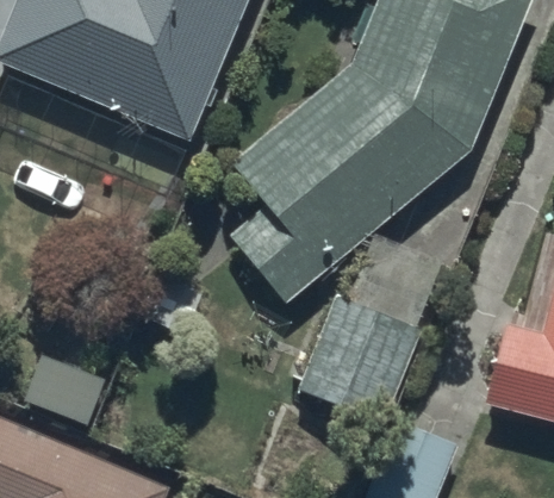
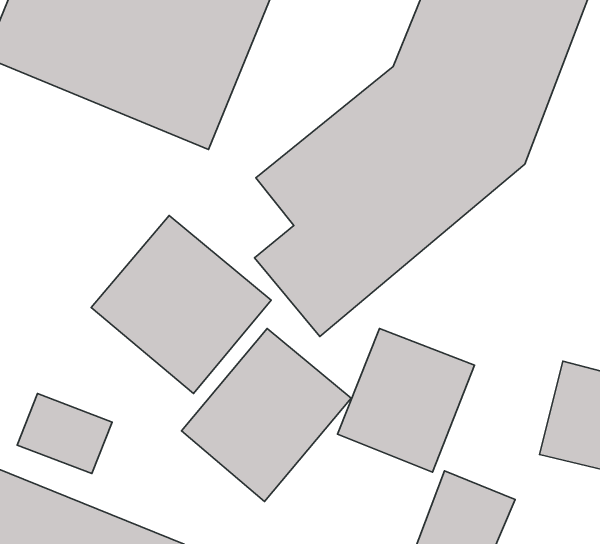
building: none -> [91,215,271,394]
building: none -> [182,328,351,501]

